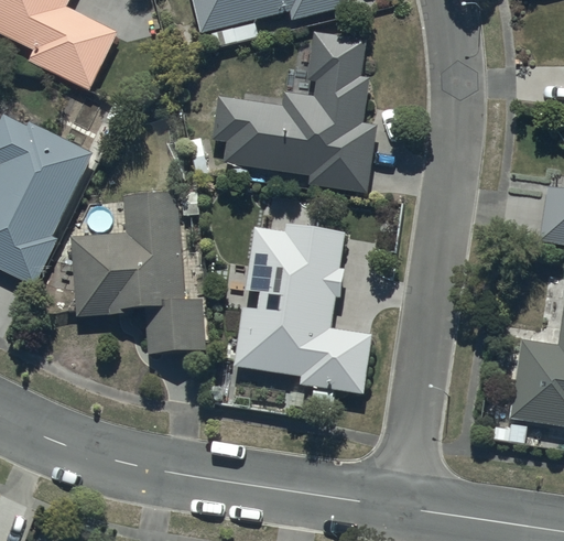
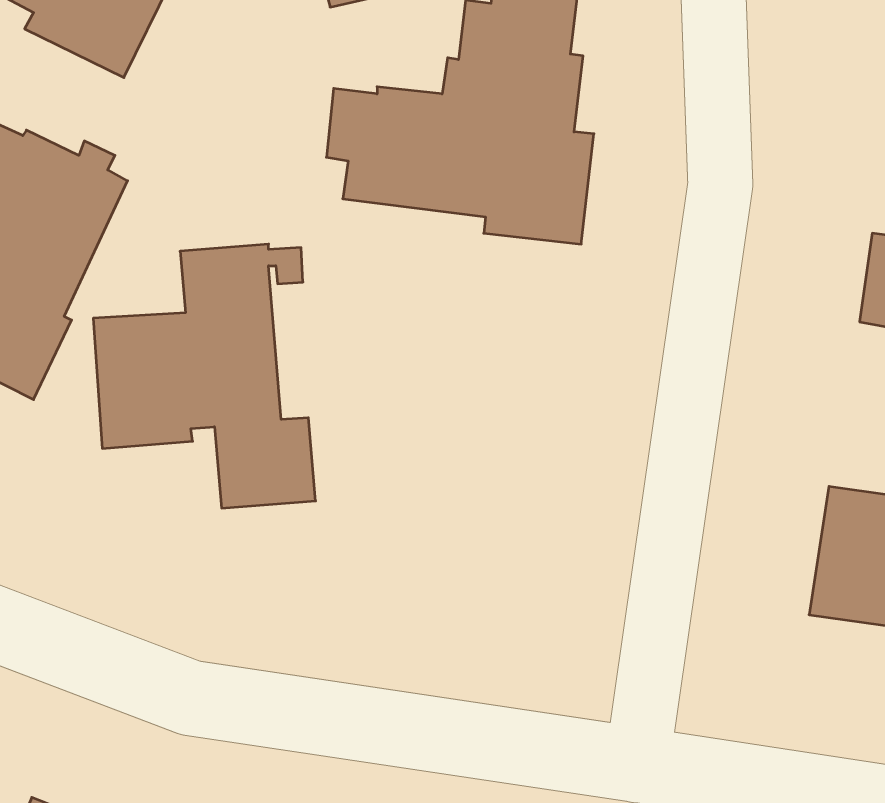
building: [234,223,372,392] -> none

